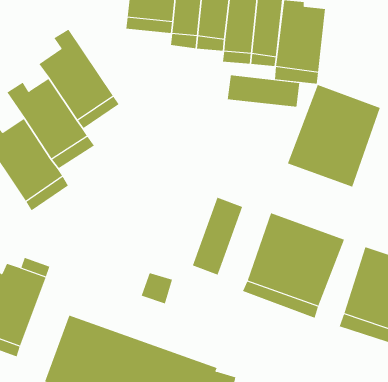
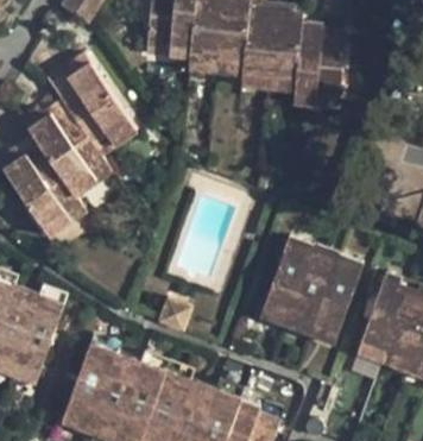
building: [227,74,300,108] -> none
building: [287,84,380,187] -> none
building: [192,197,243,276] -> none

